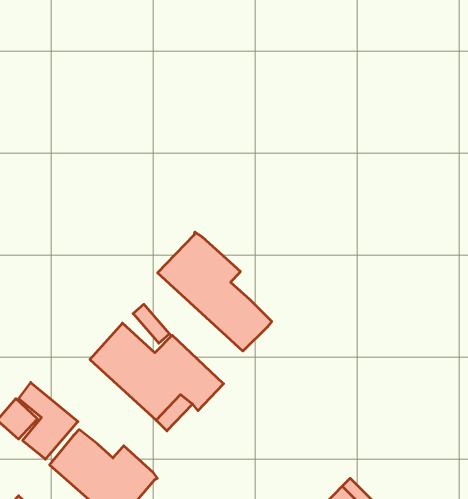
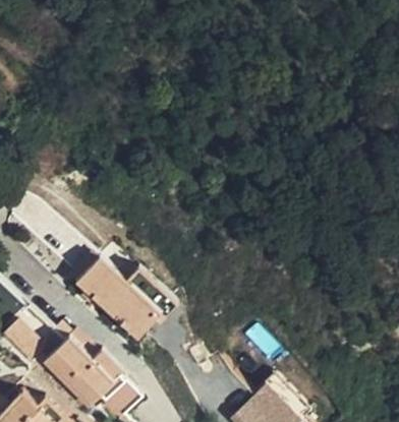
building: [158,232,272,351] -> none

